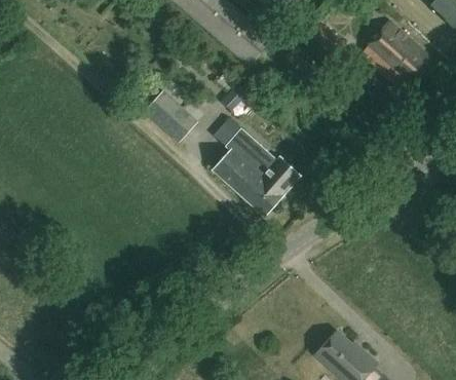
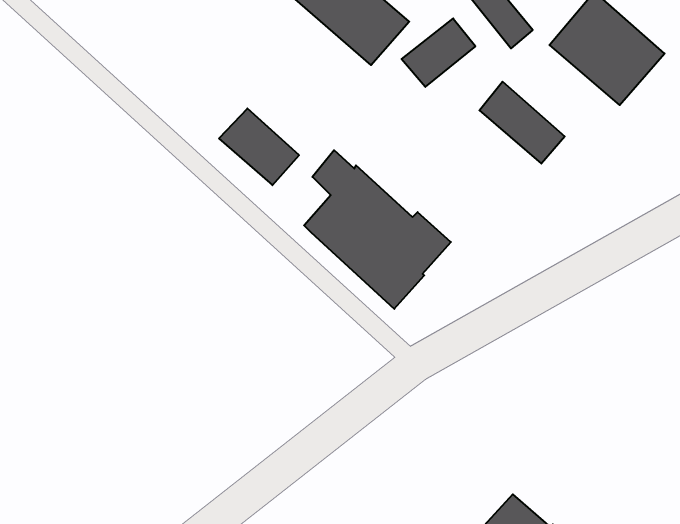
building: none -> [402,18,475,87]
building: none -> [479,82,565,164]

